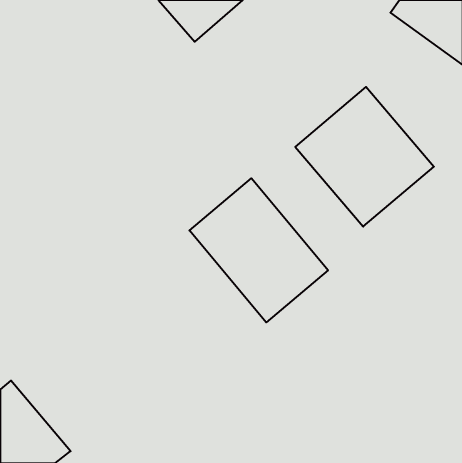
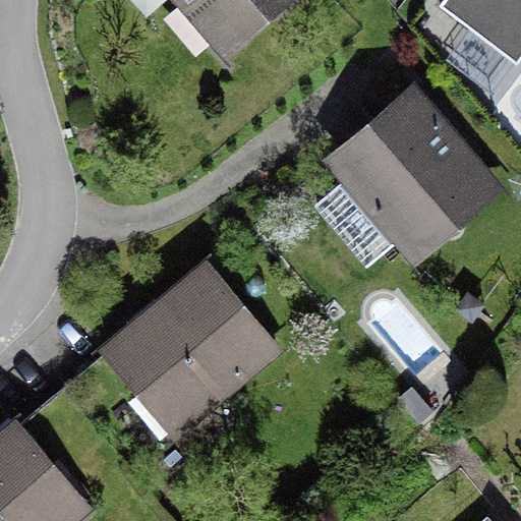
building: [189,178,328,322] -> none
building: none -> [104,269,271,432]

